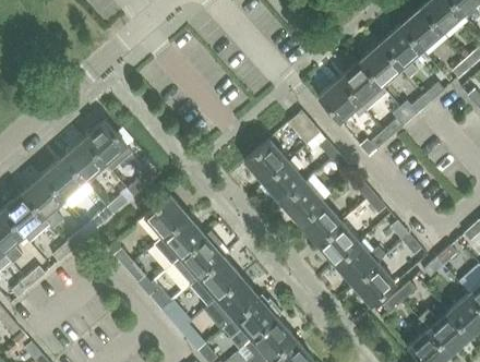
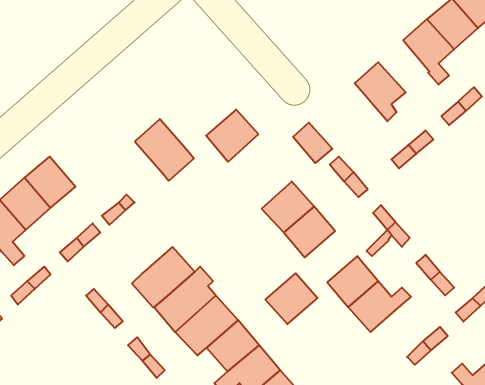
building: [359,43,401,86] -> none
building: [317,79,367,122] -> none
building: [85,121,134,172] -> [135,119,194,181]
building: [243,140,287,183] -> [206,109,258,162]
building: [144,194,188,237] -> none
building: [298,202,341,244] -> [265,273,318,324]
building: [352,264,395,306] -> none

